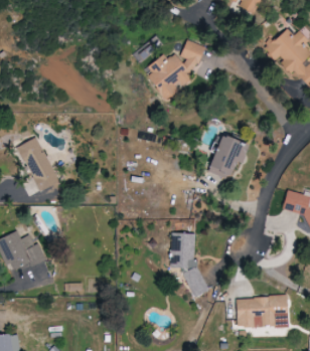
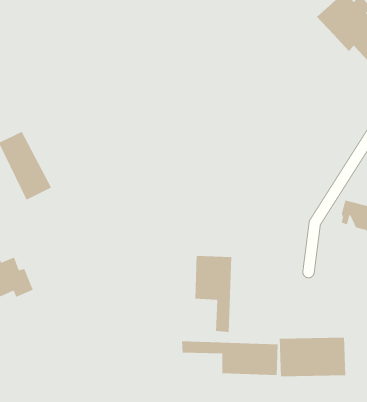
building: [148,40,204,101] -> none
building: [205,135,245,180] -> none
building: none -> [181,341,279,376]

